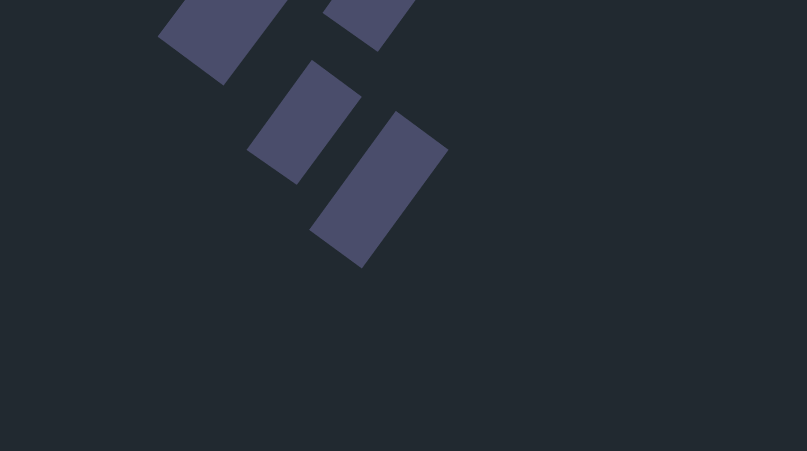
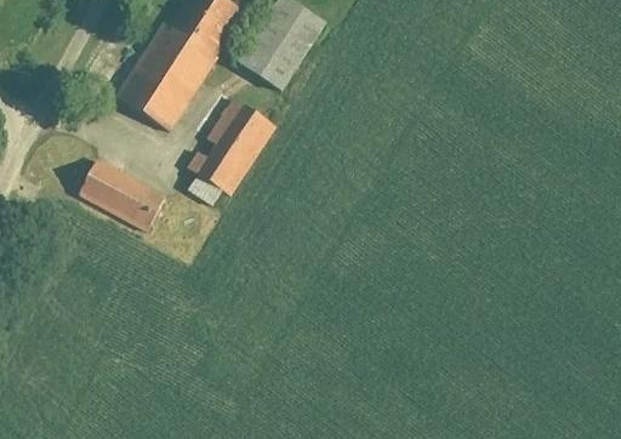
building: [308,110,449,270] -> none
building: none -> [80,158,165,228]

